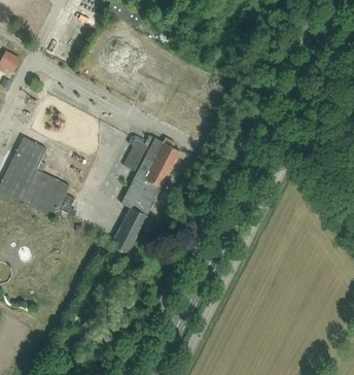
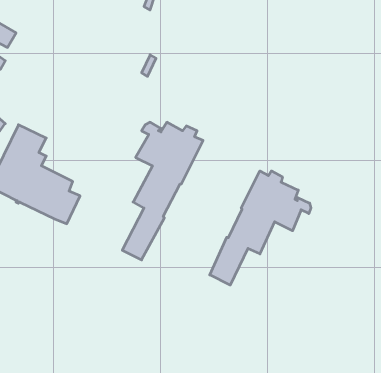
building: none -> [210,171,311,285]

